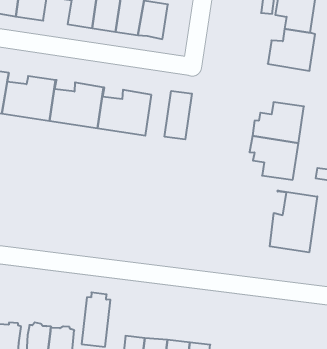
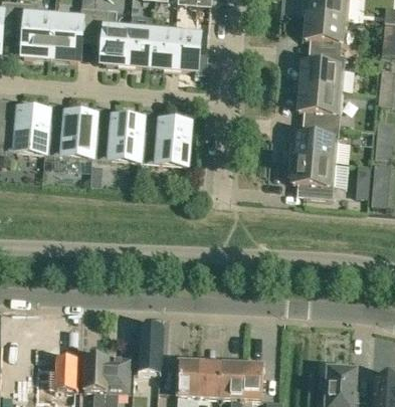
building: none -> [300,85,343,125]
building: [165,91,192,139] -> none
building: [270,190,317,252] -> none

